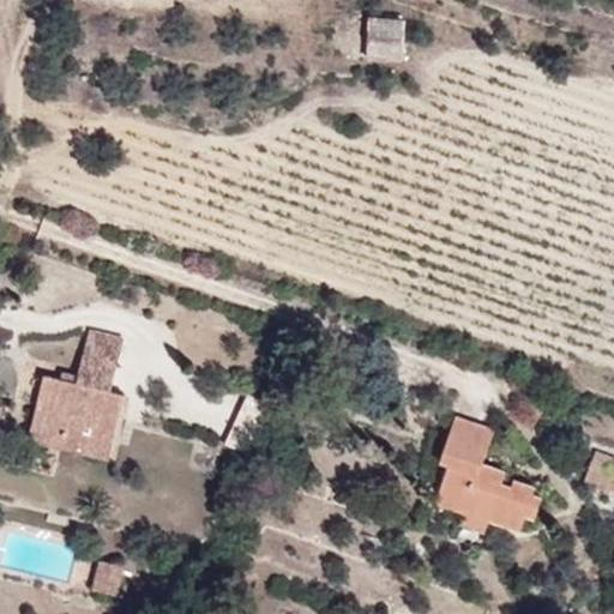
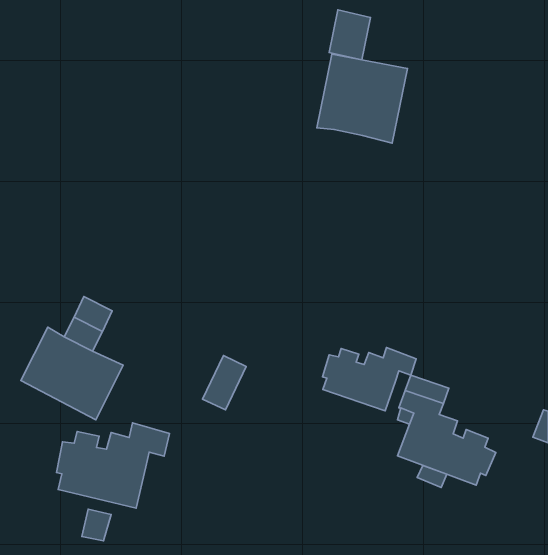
building: none -> [317,54,408,143]
building: none -> [322,347,416,411]
building: none -> [56,423,170,508]

